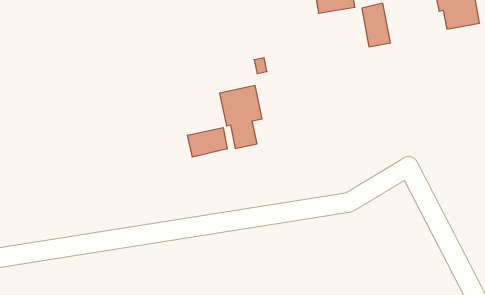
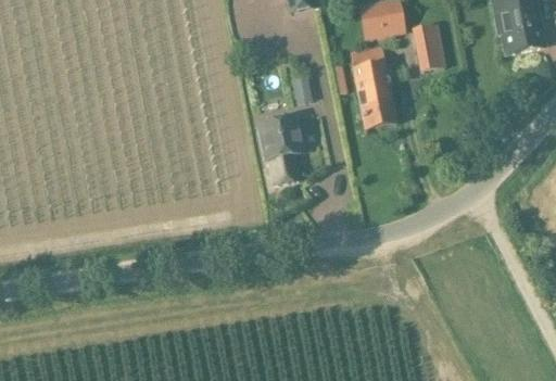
building: none -> [351,47,396,129]
building: [187,128,227,157] -> none

